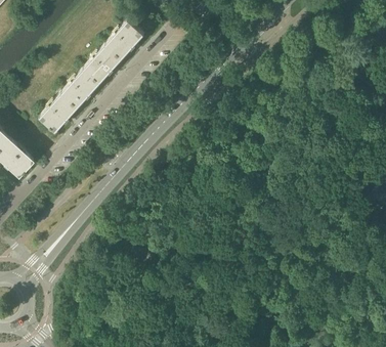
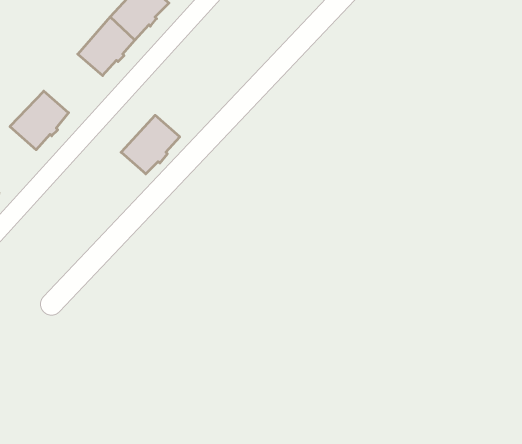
building: [60,69,99,107] -> [121,115,180,174]

